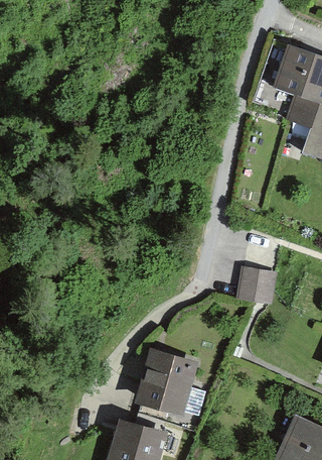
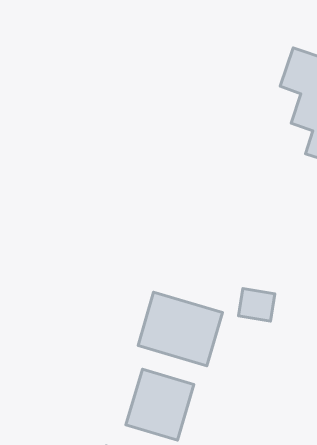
building: none -> [138,292,222,366]

